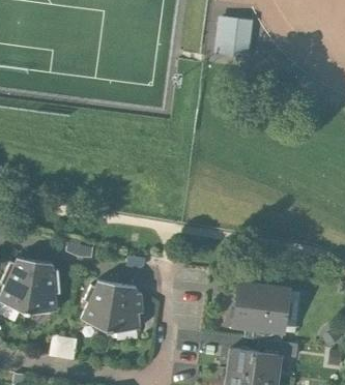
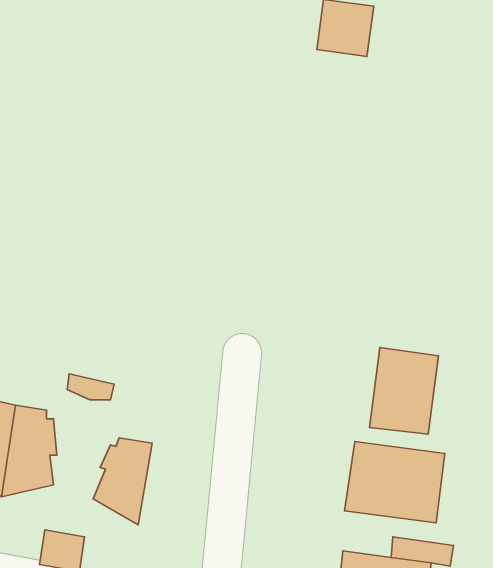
building: none -> [369,348,438,434]
building: [108,285,143,333] -> none

